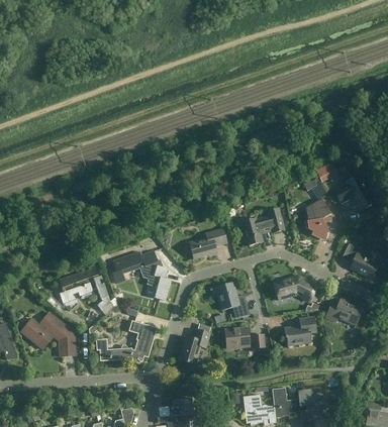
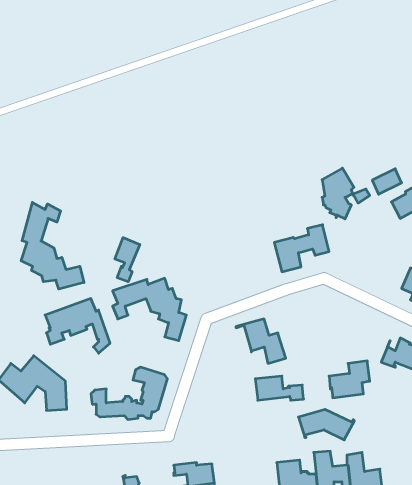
building: none -> [21,202,84,289]
building: [305,198,330,238] -> [322,168,354,219]
building: none -> [115,238,140,282]
building: [189,228,226,258] -> none
building: [273,277,317,301] -> [298,409,354,440]
building: [179,329,210,364] -> none

